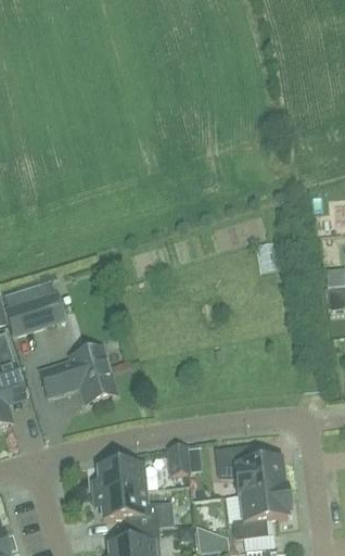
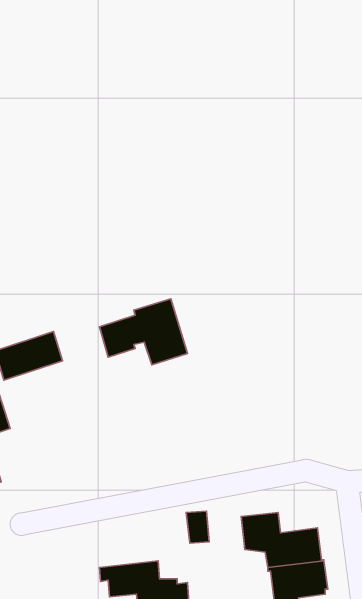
building: [41,344,116,401] -> [99,299,187,365]
building: [94,462,145,492] -> none

